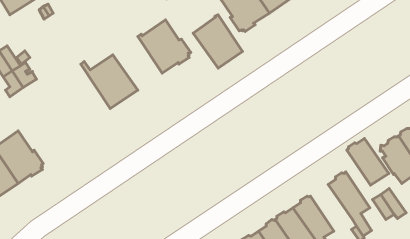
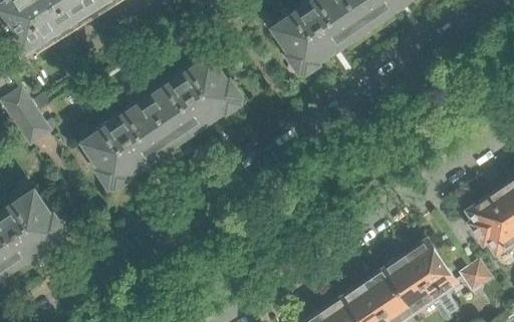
building: [193,15,242,68] -> [149,76,208,140]
building: none -> [85,109,146,186]
building: [347,139,389,185] -> [386,254,436,310]

